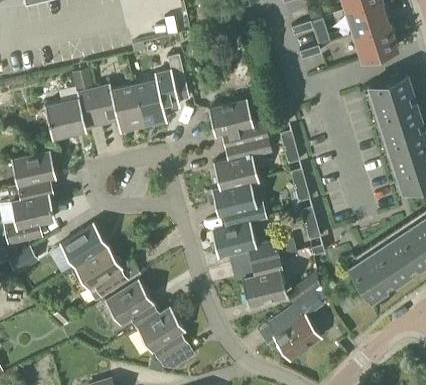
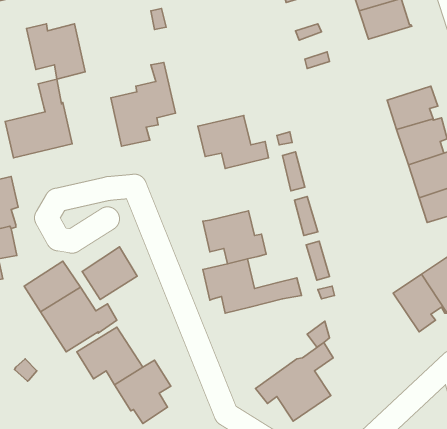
building: [353,24,398,61] -> none
building: [93,85,143,132] -> [26,24,85,79]
building: [212,136,272,189] -> none
building: none -> [82,247,137,300]
building: [349,251,396,300] -> none
building: [243,256,287,305] -> none

